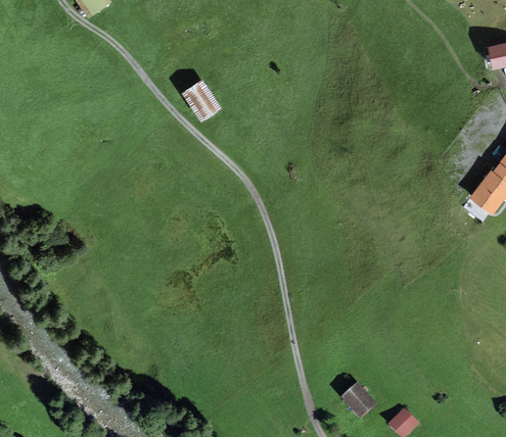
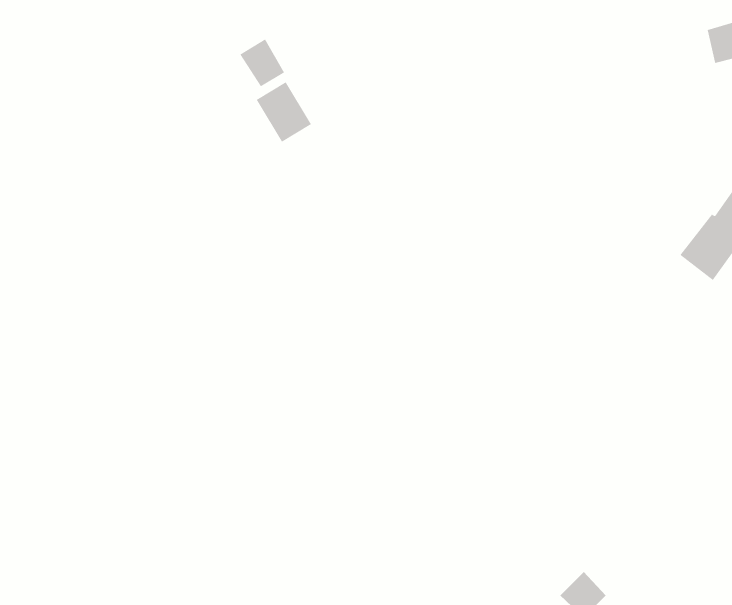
building: none -> [240,39,285,87]
building: [341,383,378,419] -> none

